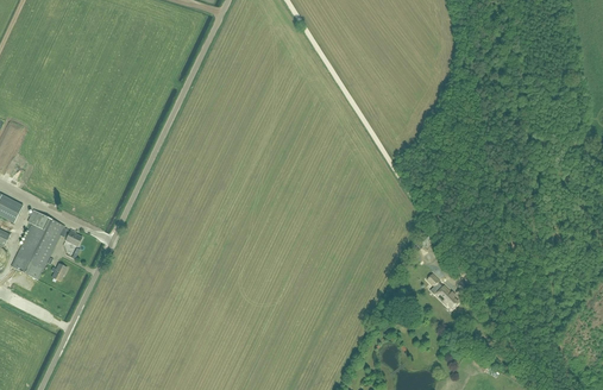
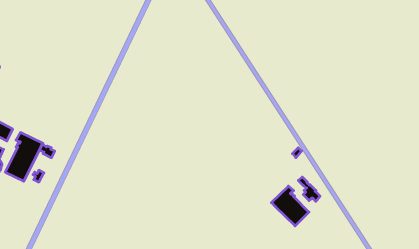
building: none -> [271,186,309,226]

